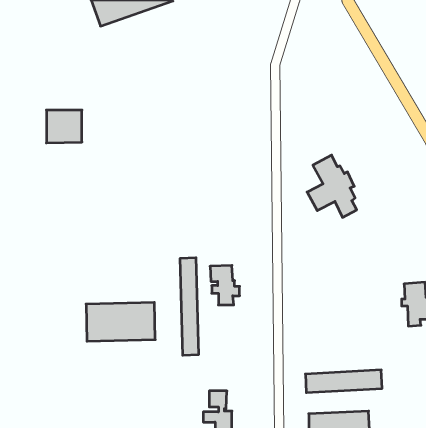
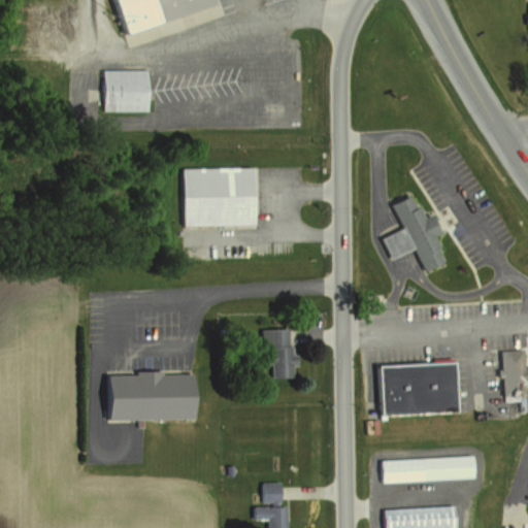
building: [46,110,82,143] -> [107,72,151,112]
building: none -> [186,170,259,227]
building: [180,258,198,355] -> none
building: none -> [380,363,459,418]

